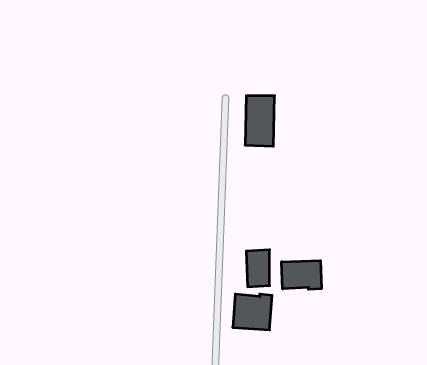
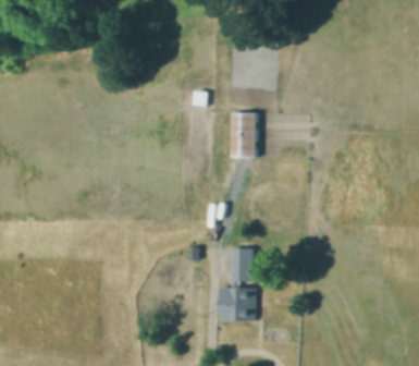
building: [282,261,321,289] -> none

